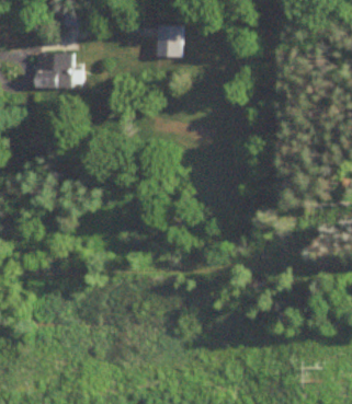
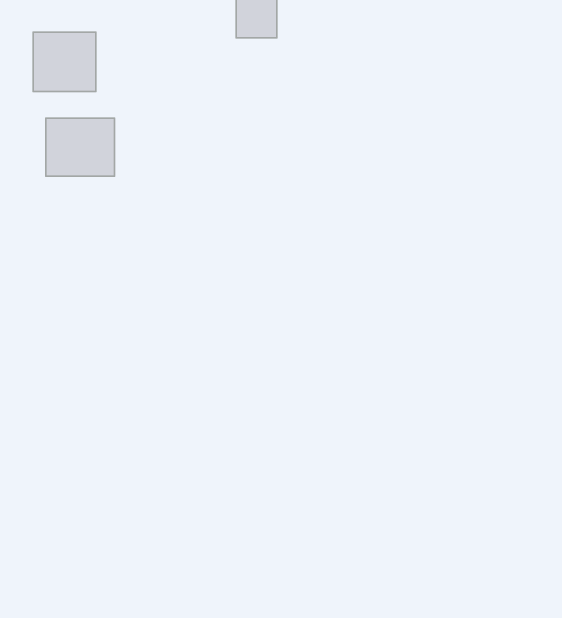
building: none -> [46,118,115,176]

